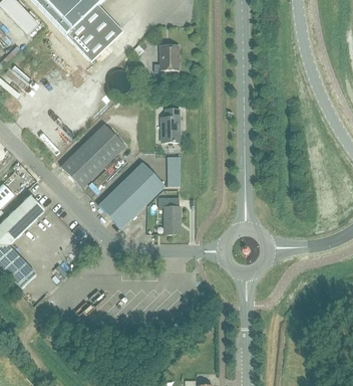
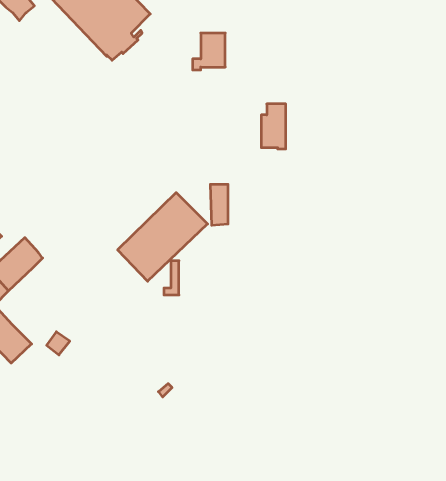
building: [161,109,180,142] -> [261,104,286,149]
building: [61,124,125,188] -> none
building: [158,196,181,233] -> none

